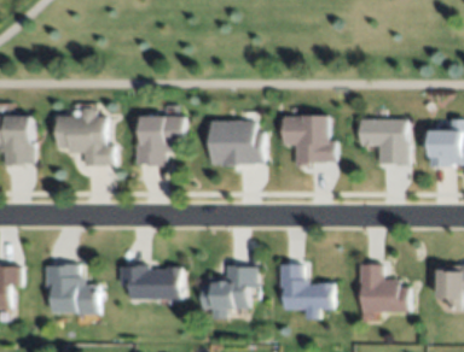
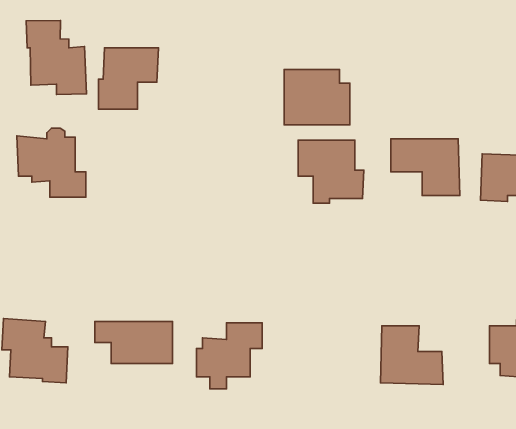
building: none -> [26,20,87,94]
building: [135,117,184,166] -> [99,48,158,109]
building: [210,122,263,166] -> [284,70,350,125]
building: [274,265,327,313] -> none

